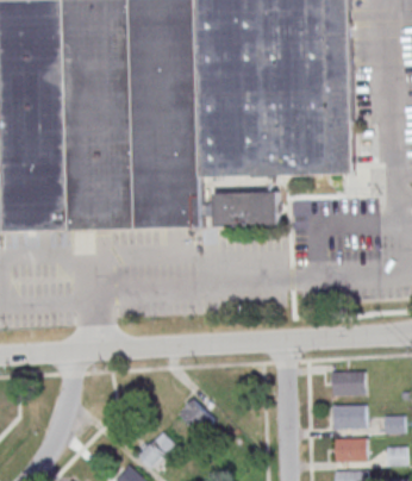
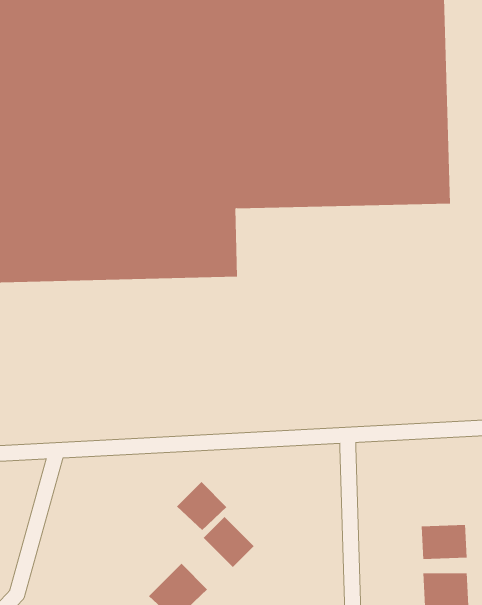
building: [214,192,277,225] -> none
building: [331,369,364,394] -> none
building: none -> [176,481,227,531]

